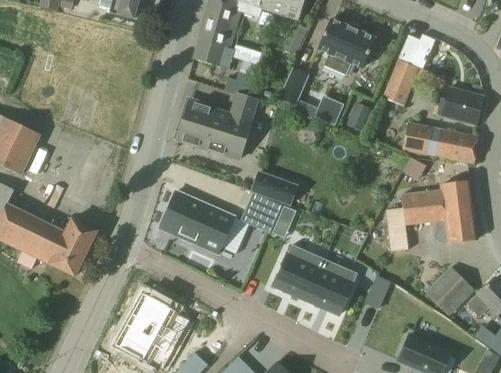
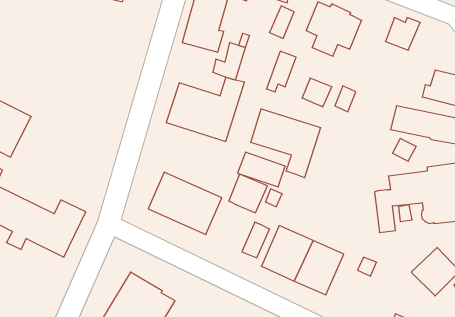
building: [382,59,418,106] -> none
building: none -> [251,109,320,178]
building: [221,216,249,252] -> [242,222,270,258]

